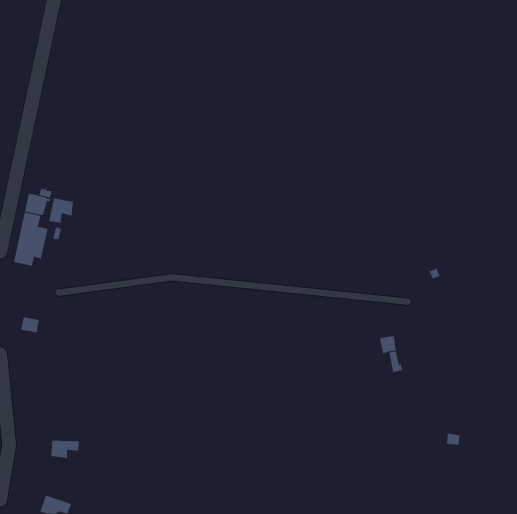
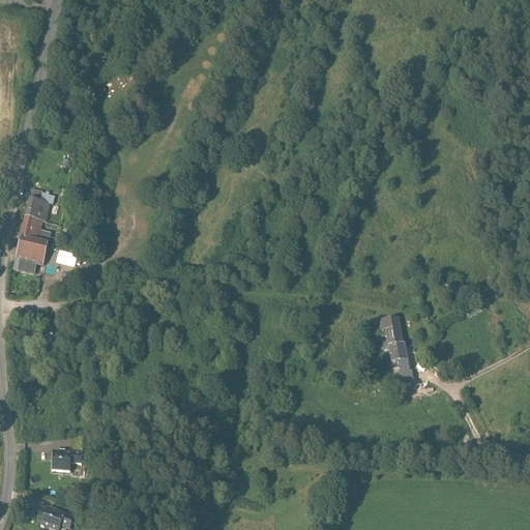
building: [48,197,74,224] -> none
building: none -> [380,317,402,346]

